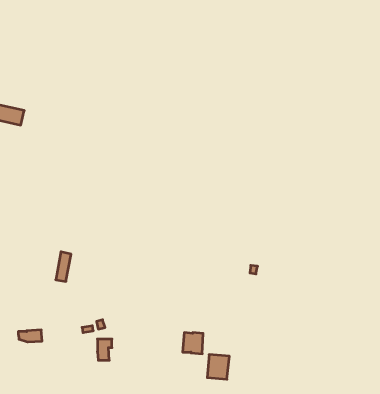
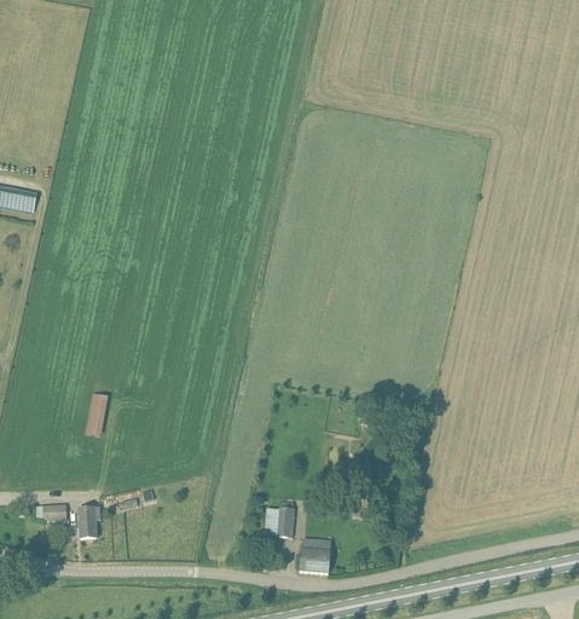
building: [97,339,112,360] -> [80,508,100,538]

